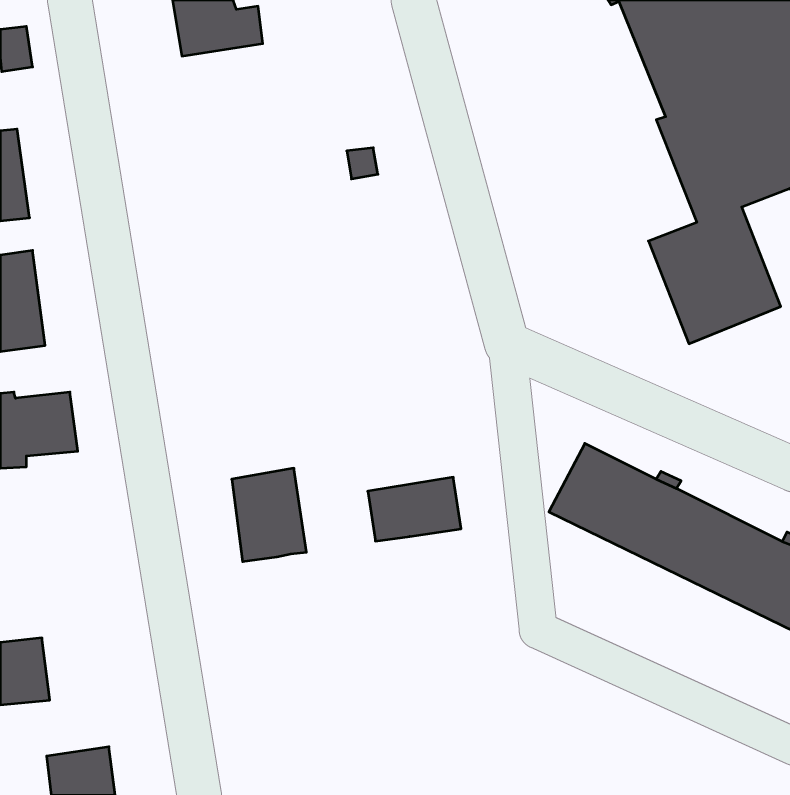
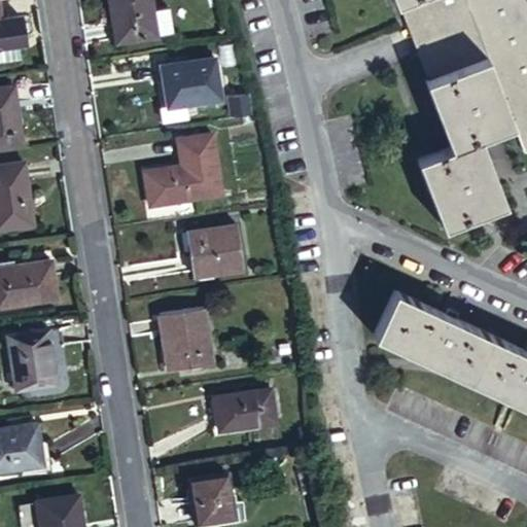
building: none -> [152,63,210,111]
building: none -> [144,134,223,205]
building: none -> [190,227,247,277]
building: [368,477,461,541] -> [212,389,274,431]
building: none -> [7,329,58,389]
building: none -> [186,473,227,519]

